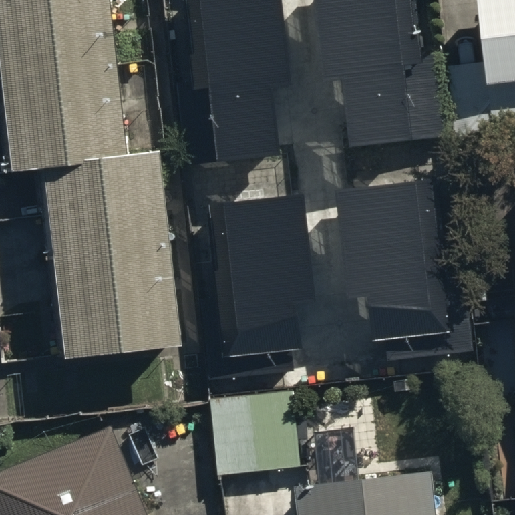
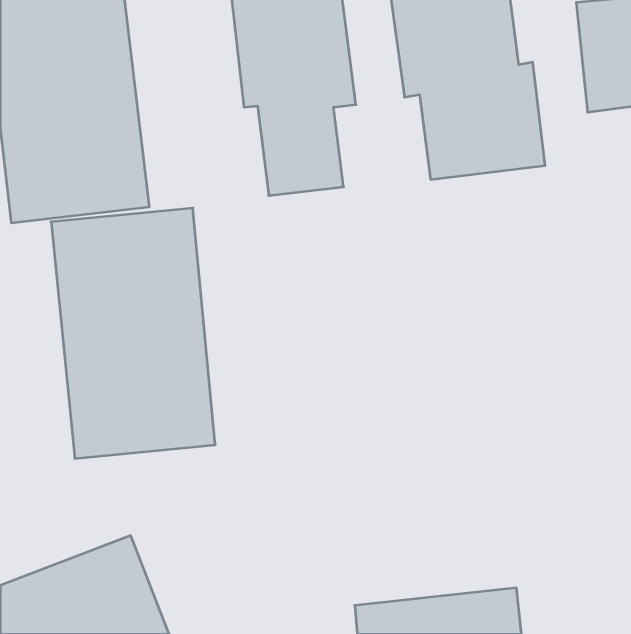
building: [341,177,476,355] -> none
building: [198,193,316,379] -> none
building: [206,393,293,477] -> none

